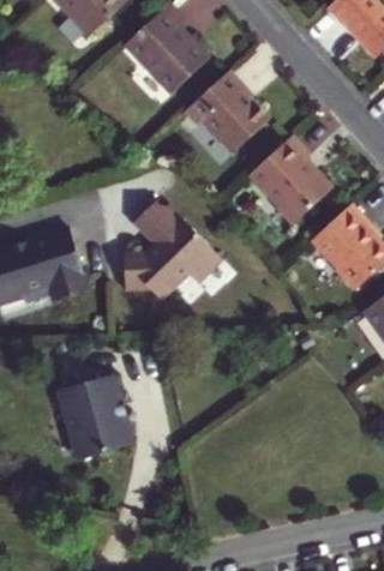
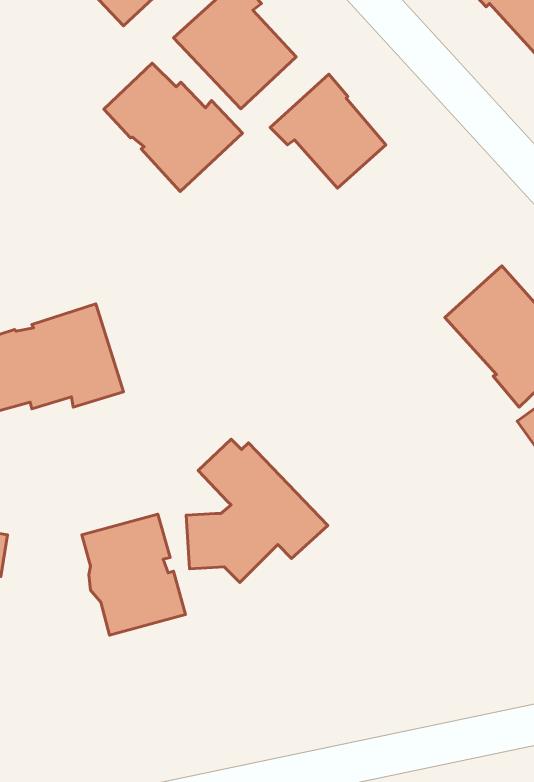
building: none -> [104,63,242,191]
building: [250,137,330,223] -> none
building: [122,200,221,300] -> [186,439,328,583]

